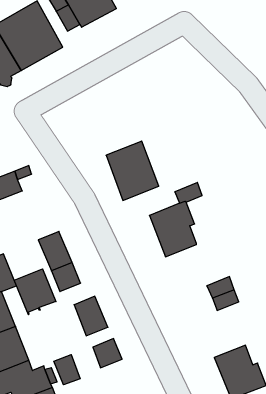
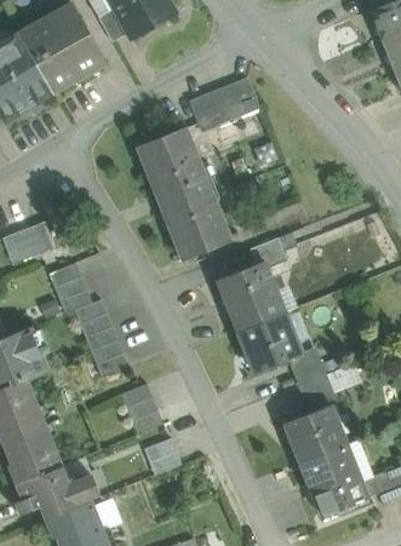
building: none -> [189,77,259,130]
building: none -> [138,126,207,201]
building: none -> [48,263,92,314]
building: none -> [237,316,293,372]
building: [14,269,56,315] -> none
building: none -> [285,406,340,461]
building: [54,355,80,385] -> none

